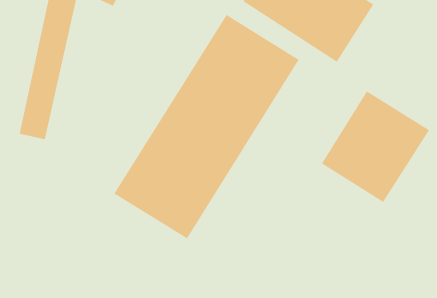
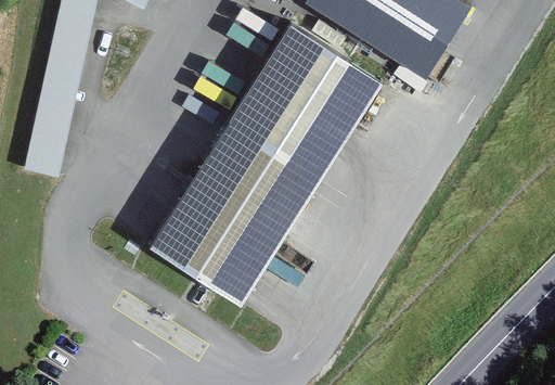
building: [321,90,430,203] -> none

